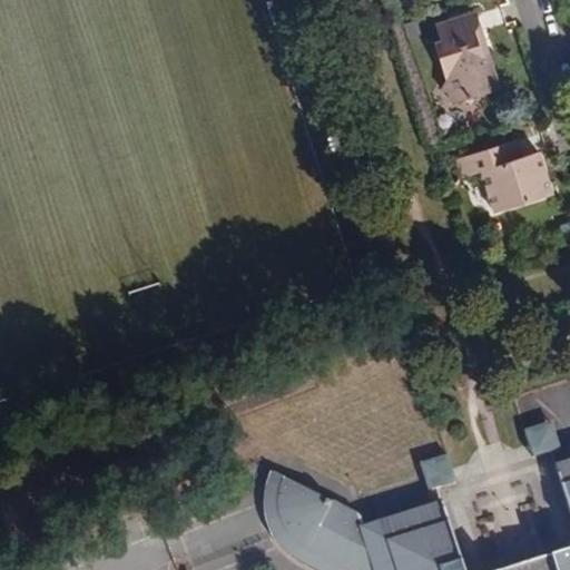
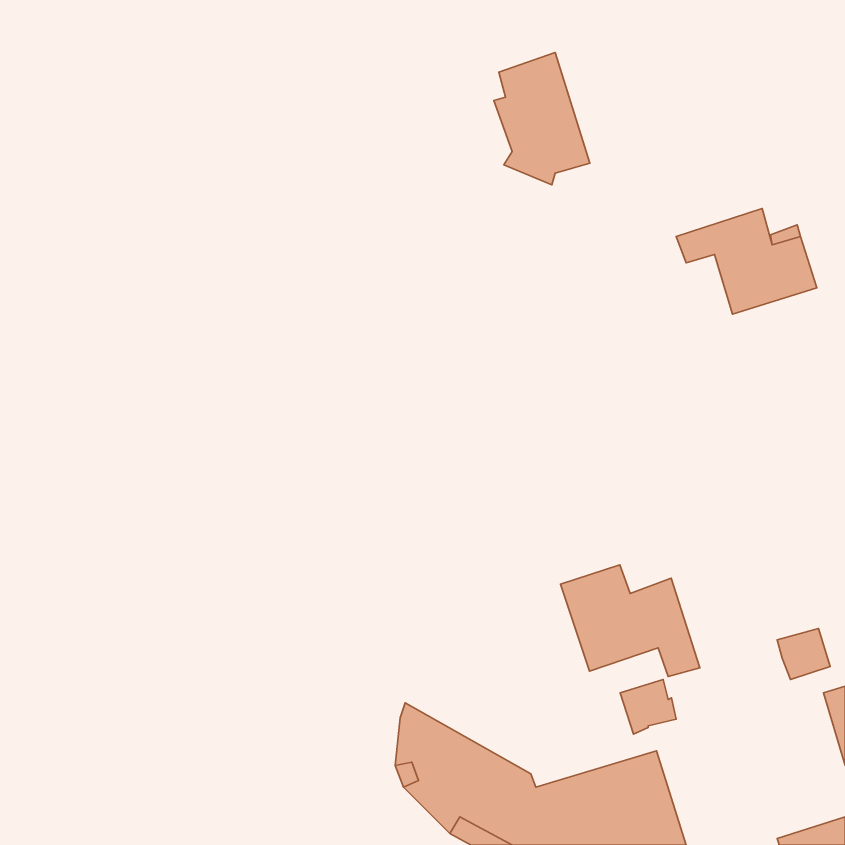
building: [433,13,498,102] -> [494,52,590,185]
building: none -> [560,565,700,677]

